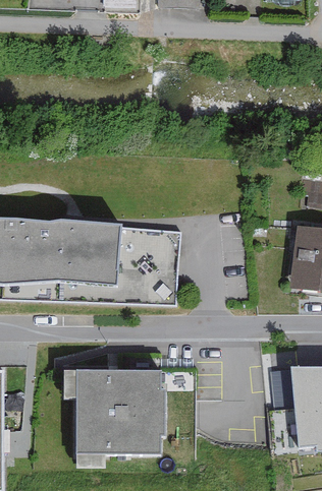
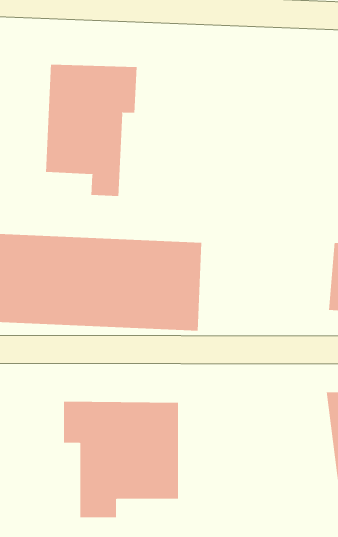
building: none -> [46,64,137,197]

